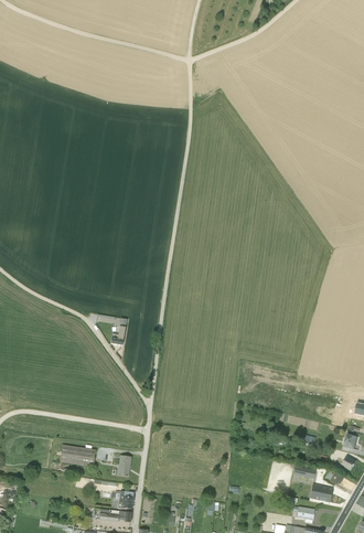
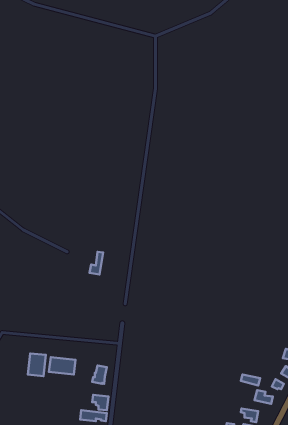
building: none -> [28,353,46,376]

